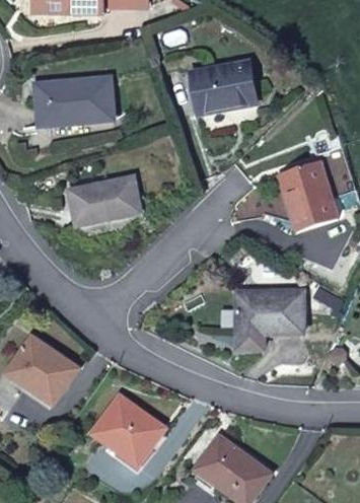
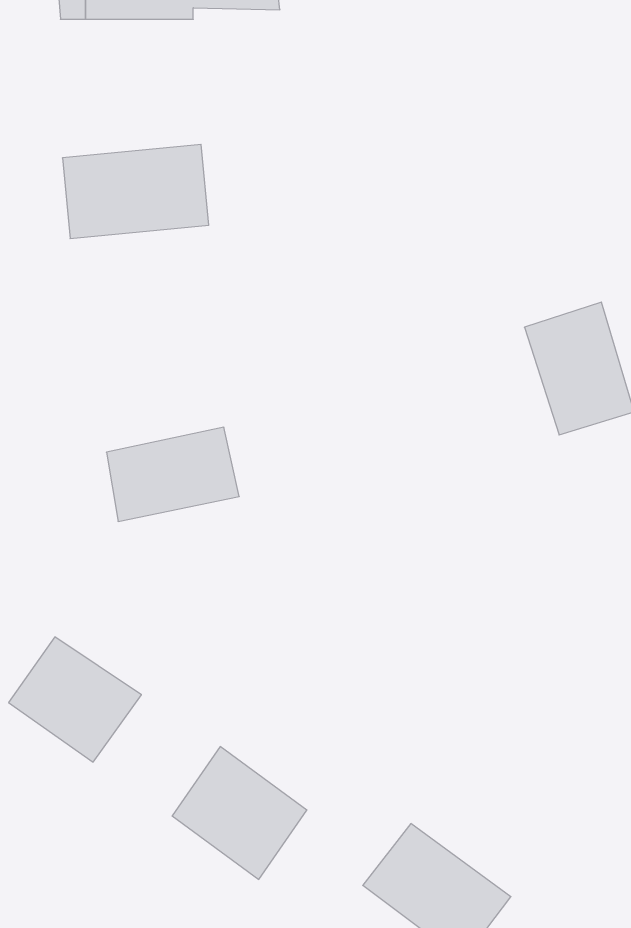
building: [191,62,256,114] -> none
building: [70,176,140,226] -> [106,427,239,521]
building: [236,289,304,349] -> none

